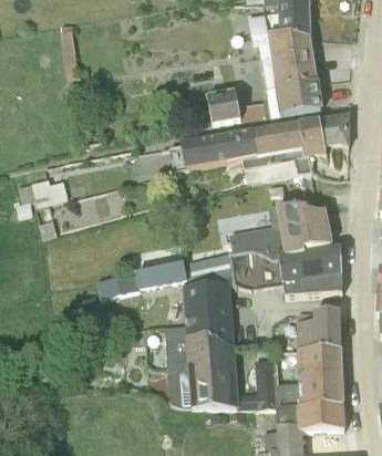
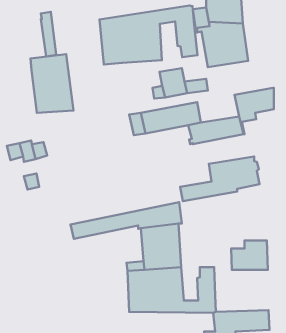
building: none -> [99,6,197,64]
building: none -> [30,54,74,113]
building: [267,84,321,121] -> none
building: [254,126,306,160] -> none
building: [231,237,341,290] -> none
building: [276,343,342,395] -> none

